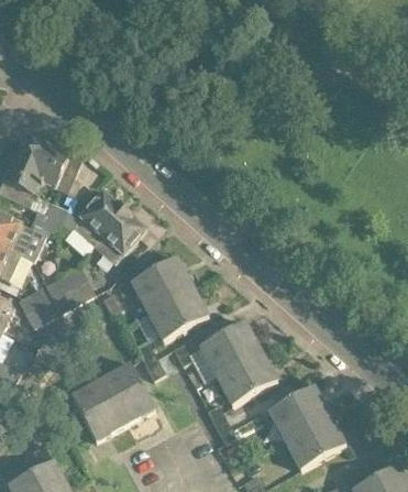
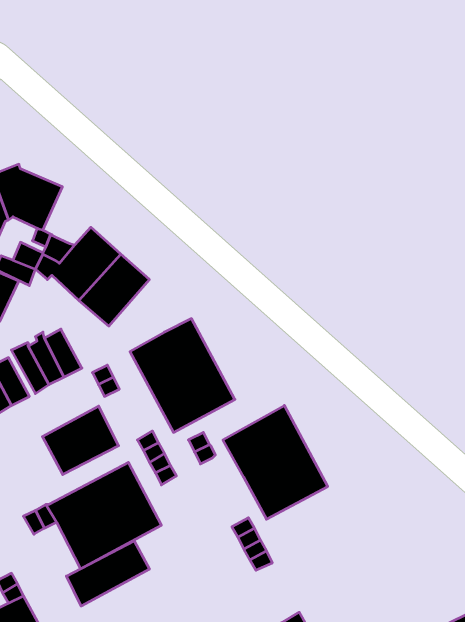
building: none -> [42,406,119,475]
building: [267,386,345,472] -> none
building: none -> [66,541,149,606]

